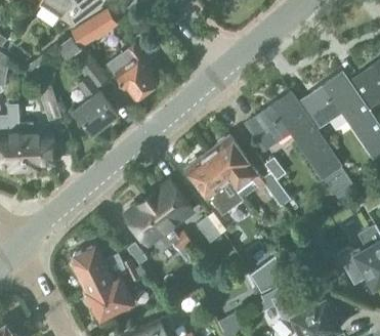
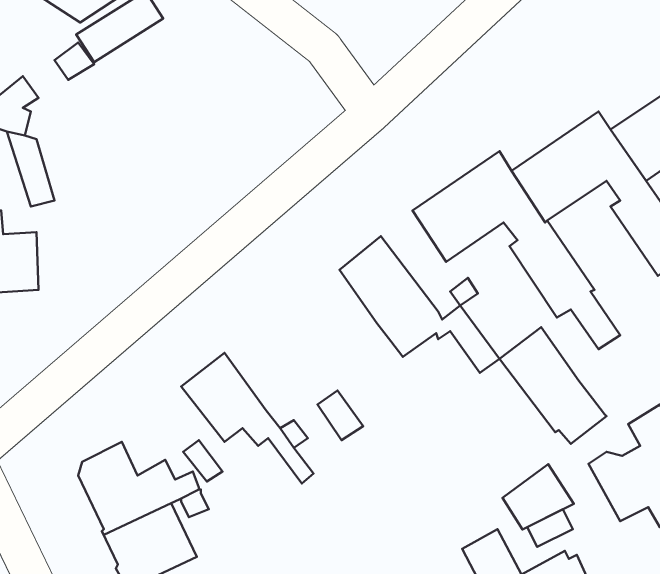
building: [109,46,158,99] -> none
building: [75,53,117,138] -> none
building: [186,155,242,215] -> [500,327,606,444]
building: [149,182,192,227] -> none
building: [251,259,288,293] -> [503,464,574,530]

